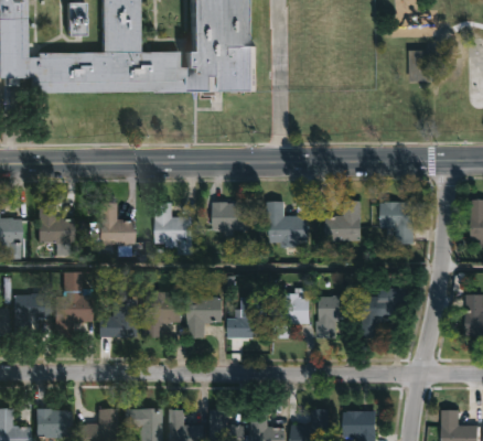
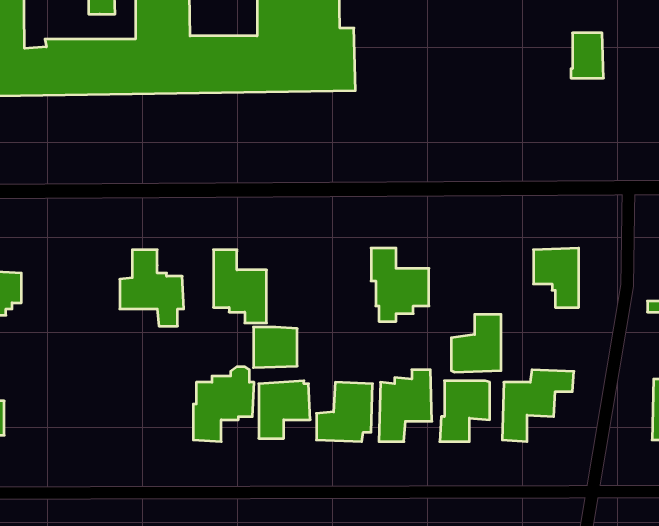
building: [326,200,362,240] -> [451,314,501,372]
building: [213,201,244,229] -> [253,327,297,368]
building: [37,203,73,244] -> none
building: [54,271,92,334] -> none
building: [13,293,50,322] -> none
building: [98,299,135,337] -> none

